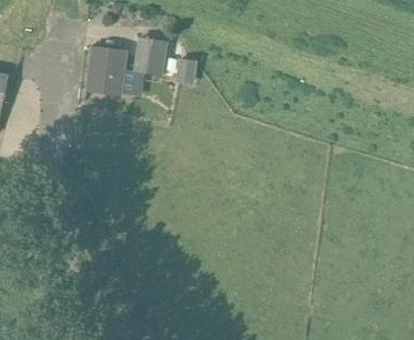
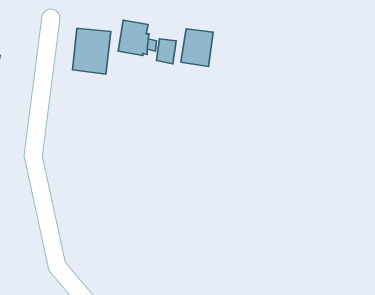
building: none -> [181,29,213,67]

